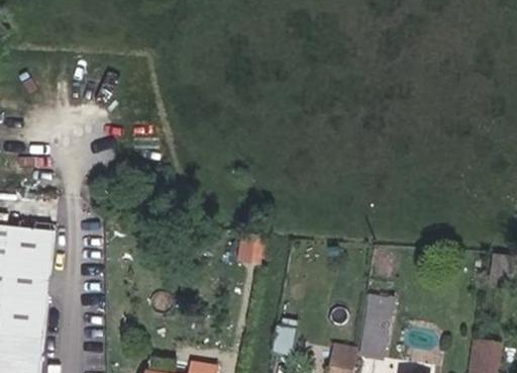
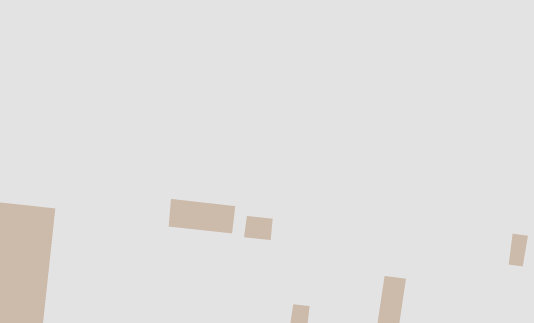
building: none -> [168,198,236,234]

